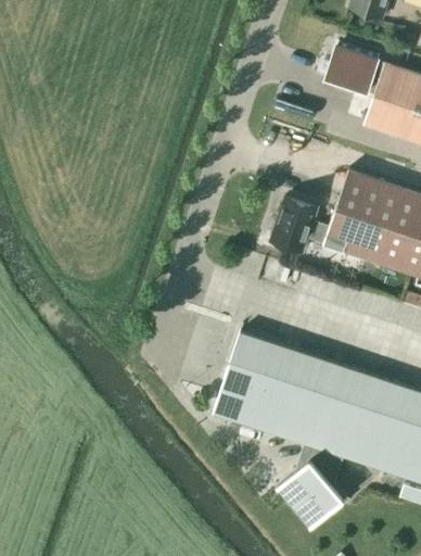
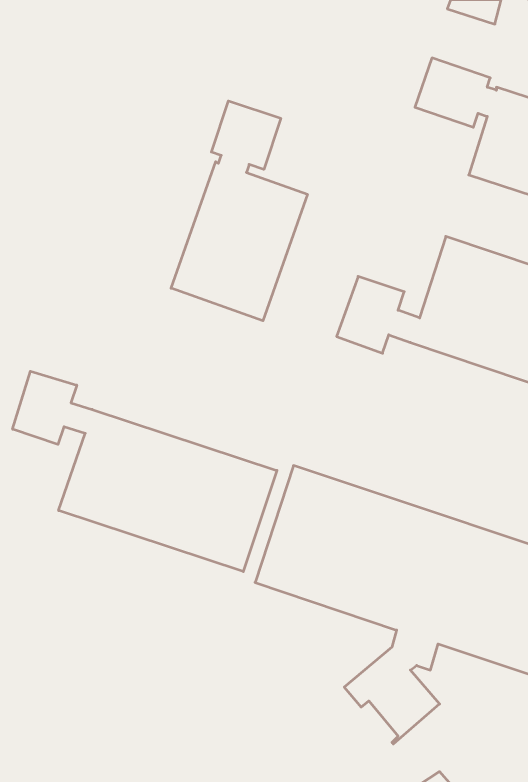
building: none -> [171,101,307,321]
building: none -> [13,371,277,572]

